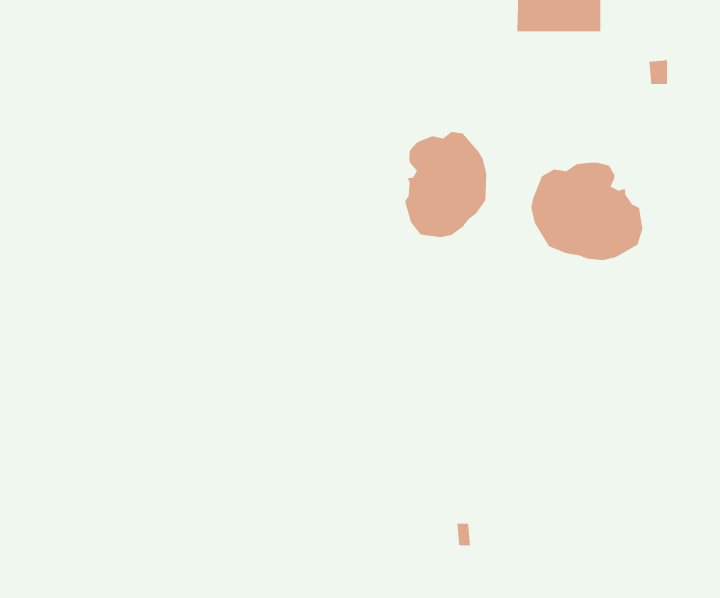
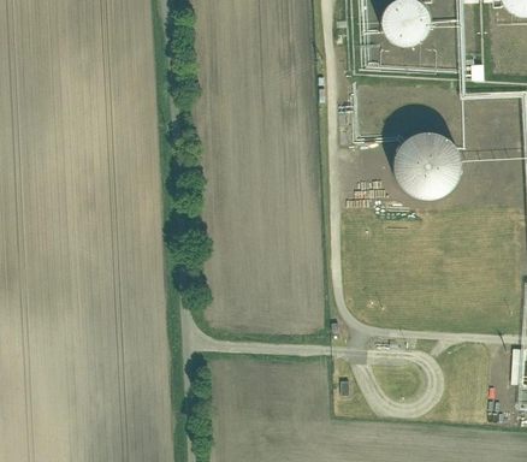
building: [405,131,487,238] -> none

